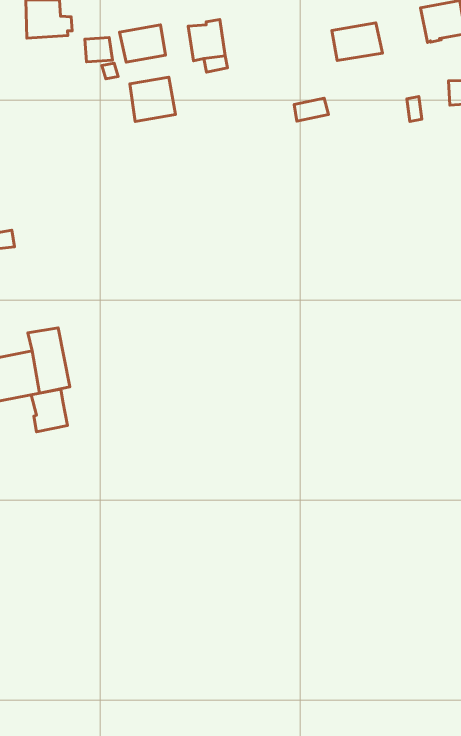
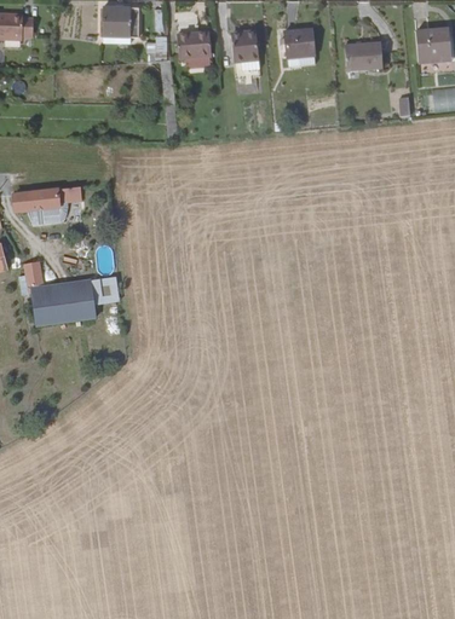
building: none -> [284,29,317,65]
building: [130,77,175,122] -> none
building: [31,389,68,432] -> none

